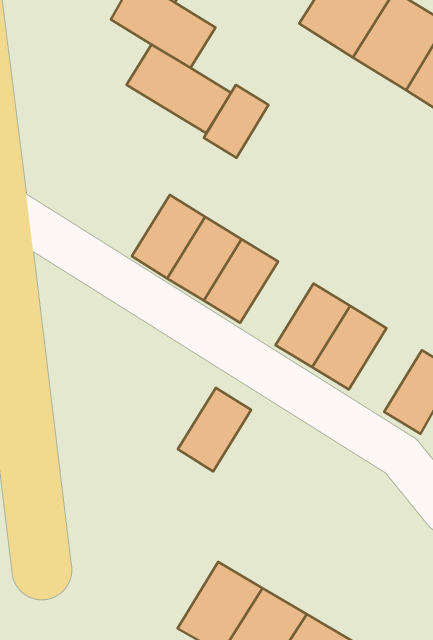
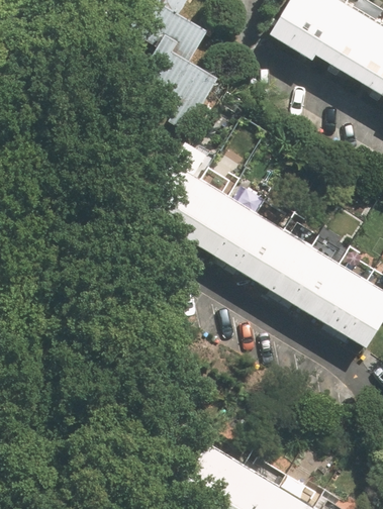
building: [204,85,269,158] -> none
building: none -> [307,264,364,328]
building: [178,388,251,471] -> [223,212,280,277]

